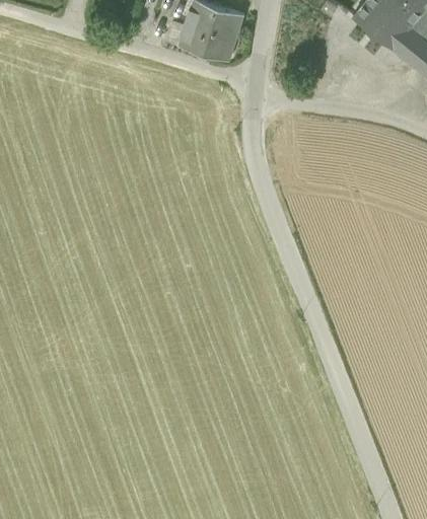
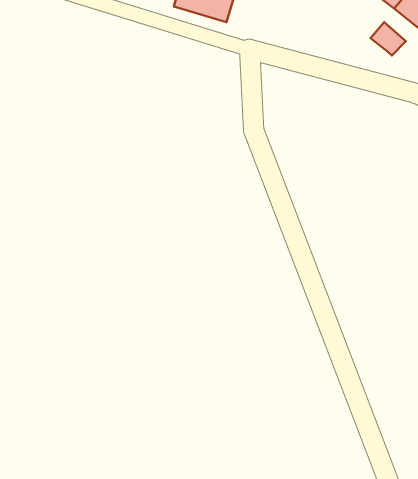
building: none -> [371,22,406,55]

